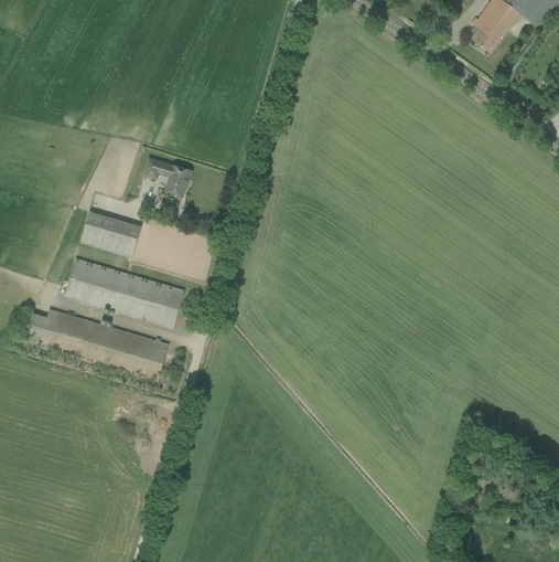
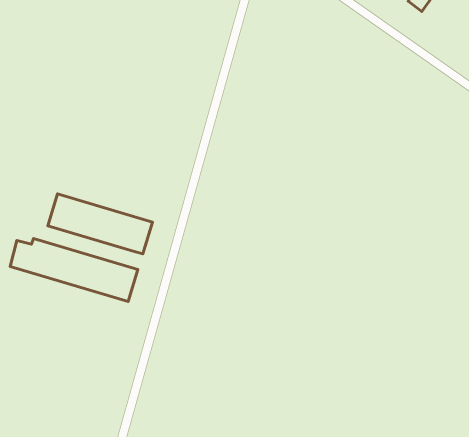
building: [144,158,192,195] -> none
building: [80,211,140,256] -> none

